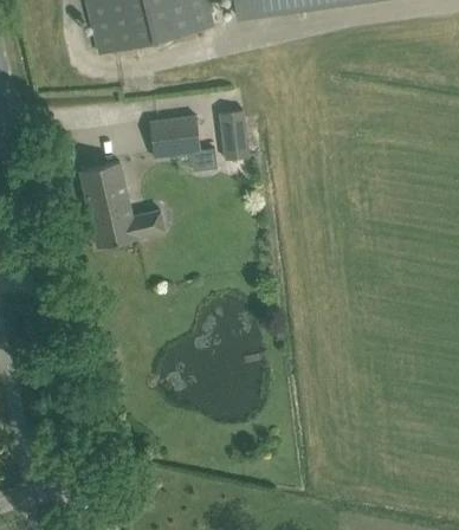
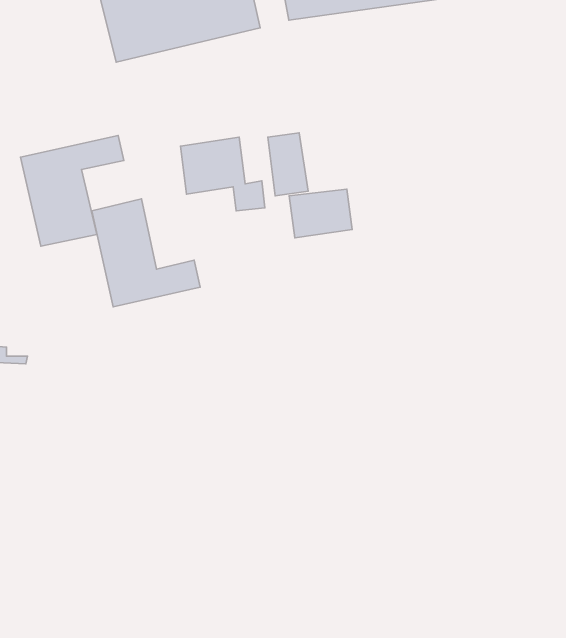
building: none -> [20,135,124,246]
building: none -> [289,189,352,238]

